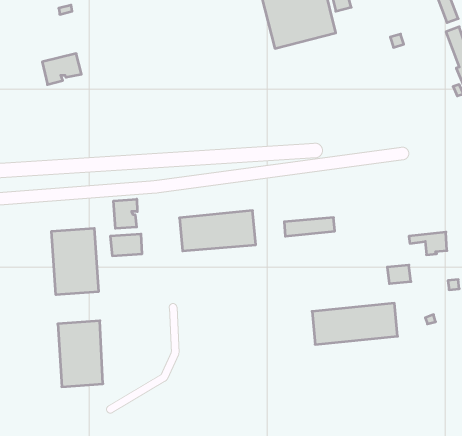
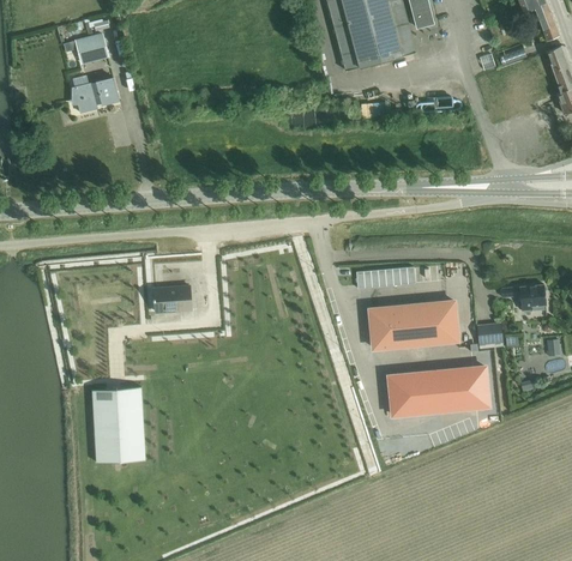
building: none -> [74,32,109,65]
building: [114,199,137,228] -> none
building: [179,211,256,251] -> [369,301,458,348]
building: [52,228,98,295] -> none

